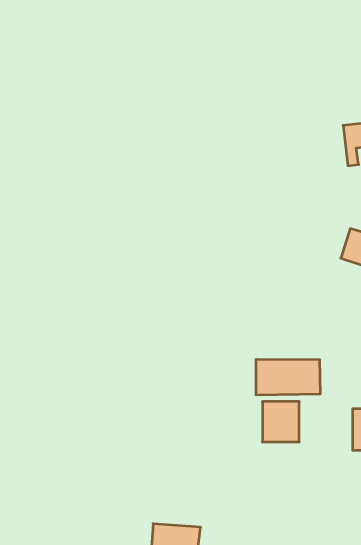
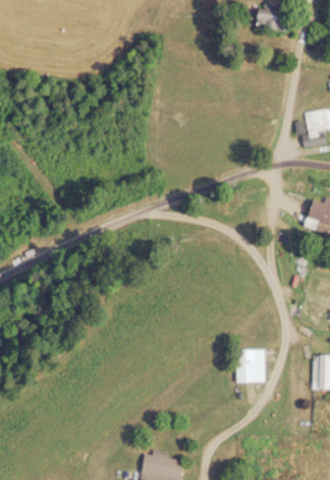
building: none -> [254,9,290,31]
building: [256,359,320,395] -> none

